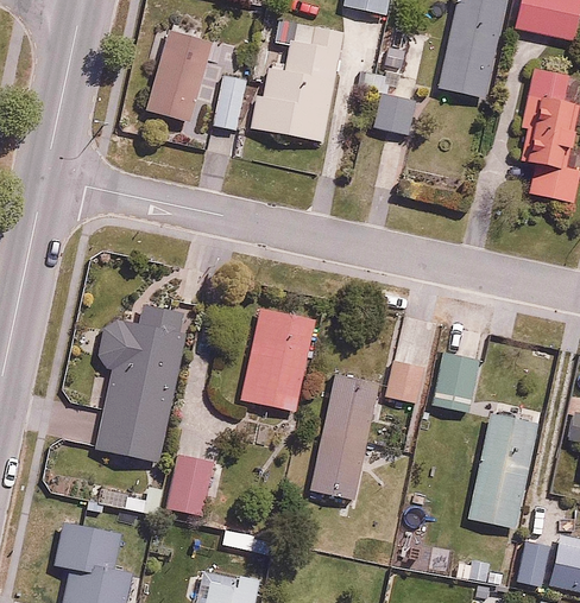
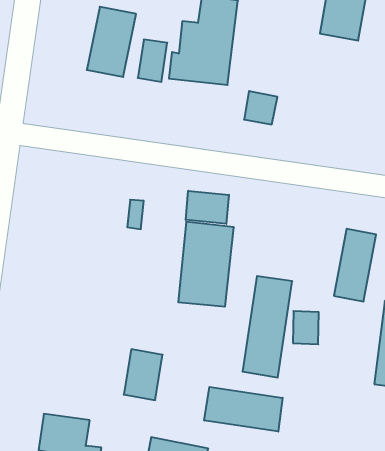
building: [374,93,417,135] -> [244,91,277,124]
building: none -> [186,191,229,224]
building: [96,299,193,462] -> none
building: [386,358,421,401] -> [293,311,319,344]
building: none -> [204,387,283,432]

